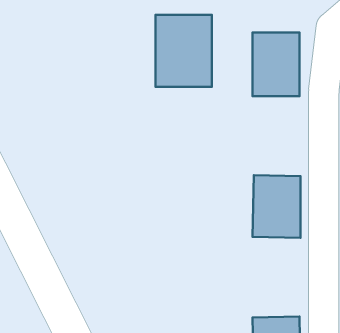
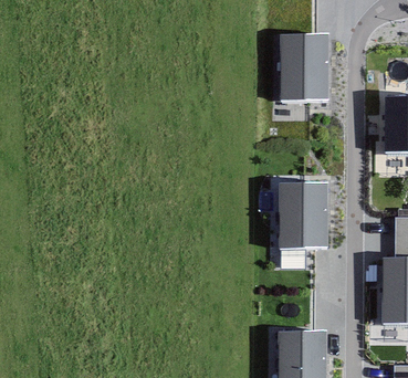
building: [156,15,212,87] -> none

